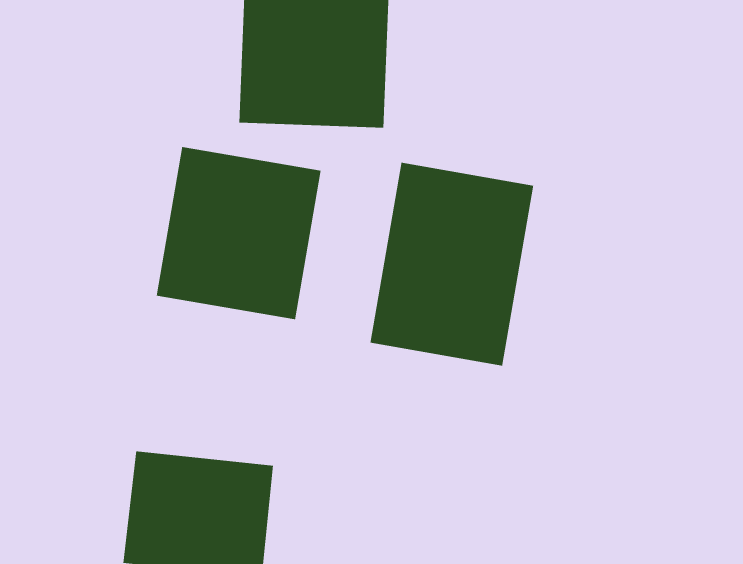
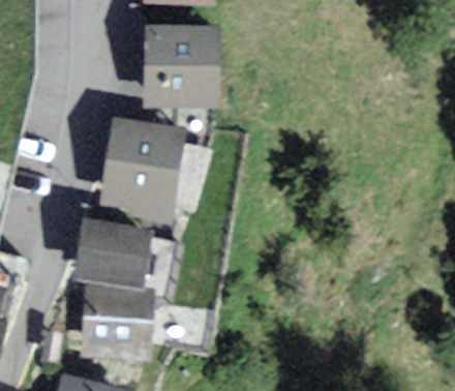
building: [370,162,534,367] -> none
building: none -> [80,220,162,283]

